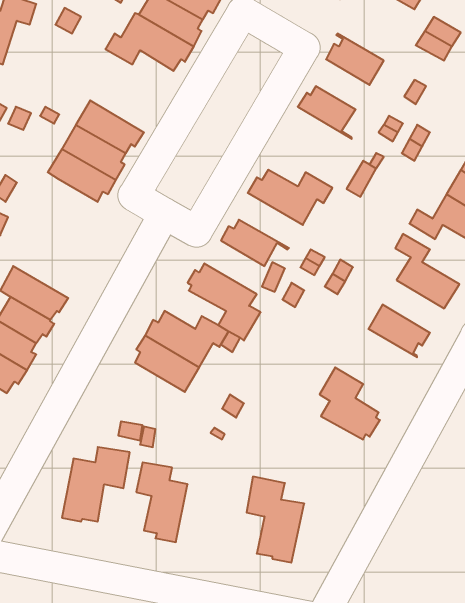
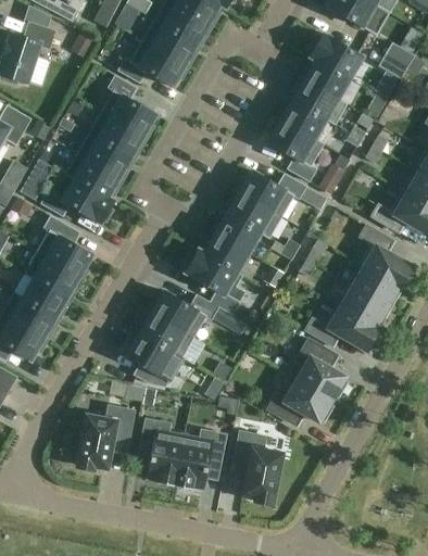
building: none -> [311,34,363,78]
building: none -> [101,75,156,139]
building: none -> [292,77,347,124]
building: none -> [267,117,323,181]
building: none -> [40,178,113,223]
building: none -> [227,190,281,237]
building: none -> [36,215,91,279]
building: none -> [198,230,249,273]
building: none -> [349,264,401,308]
building: none -> [305,305,378,350]
building: none -> [125,333,181,384]
building: none -> [267,379,333,422]
building: none -> [174,429,226,489]

